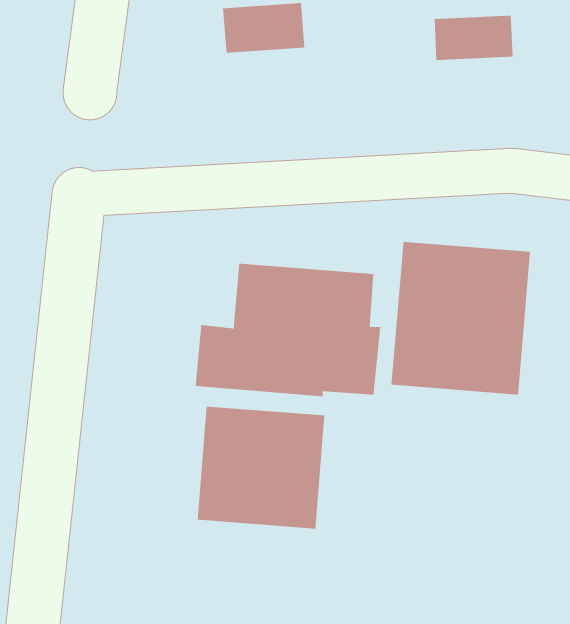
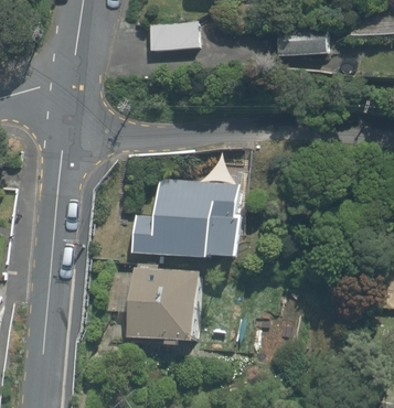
building: [391,241,531,395] -> none

